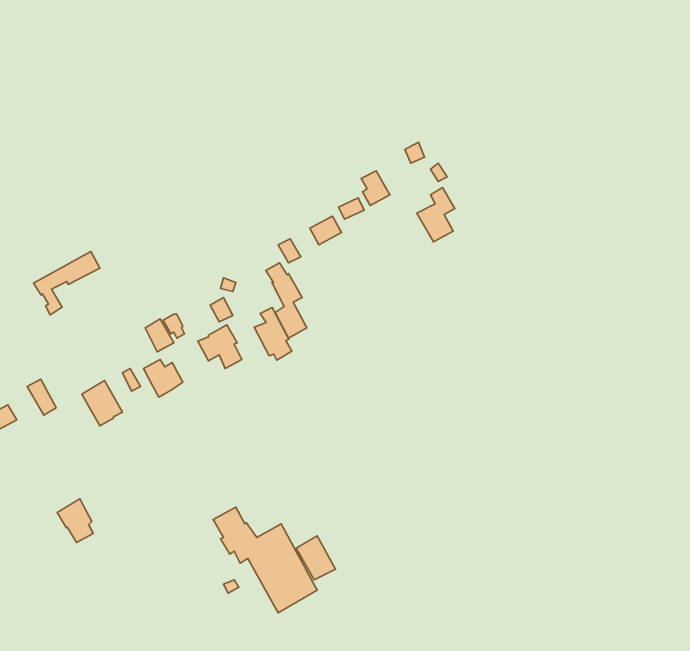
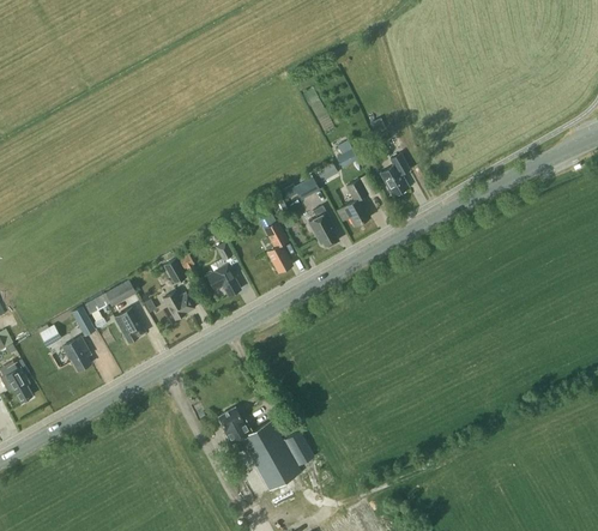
building: none -> [337,179,370,227]
building: [34,251,100,315] -> [84,279,137,330]
building: [254,307,292,360] -> [308,206,338,248]
building: [57,499,93,543] -> [62,337,91,372]

